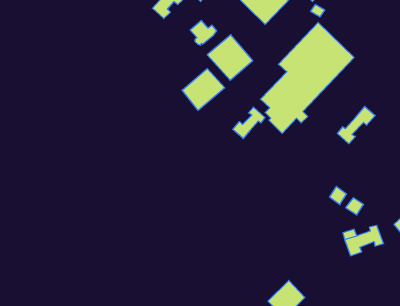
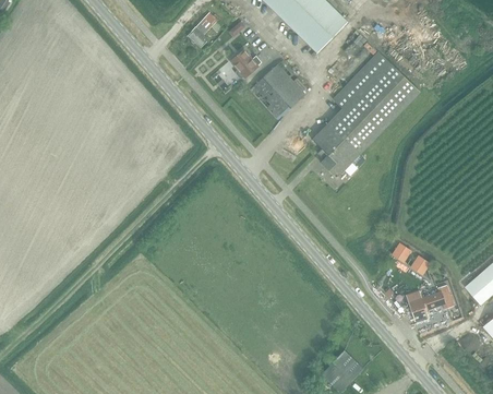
building: [182,69,225,110] -> none
building: [337,106,375,144] -> none
building: [233,107,265,139] -> none

